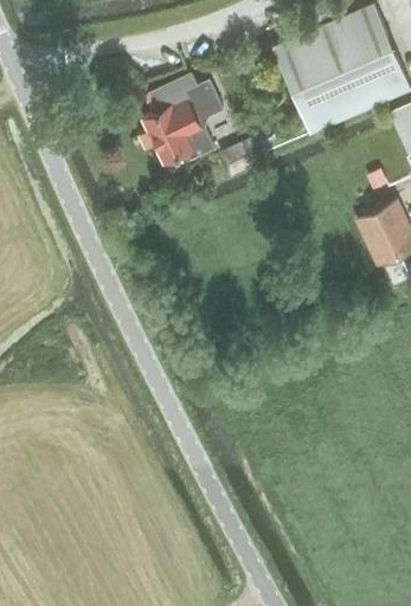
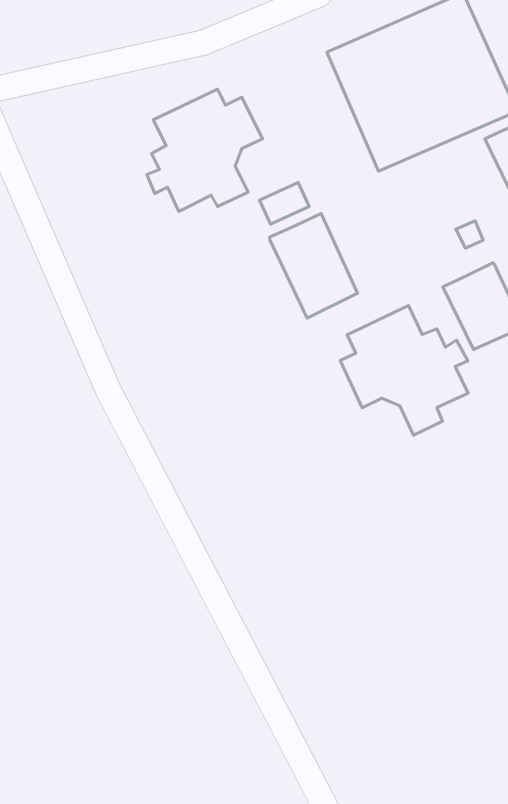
building: none -> [269,213,357,318]
building: none -> [340,305,468,435]

